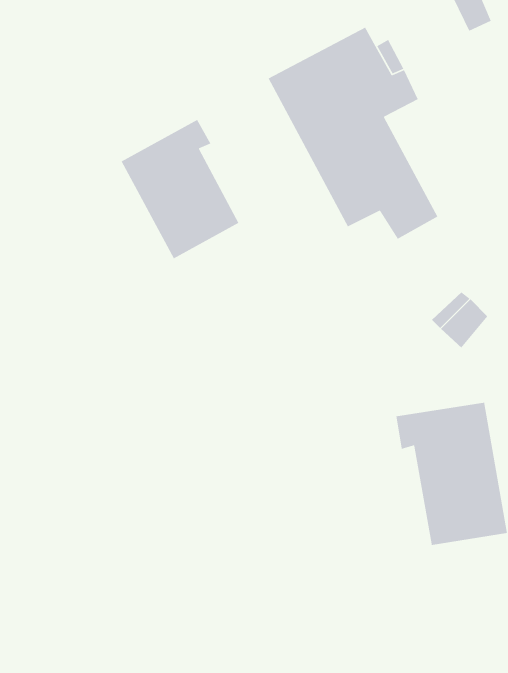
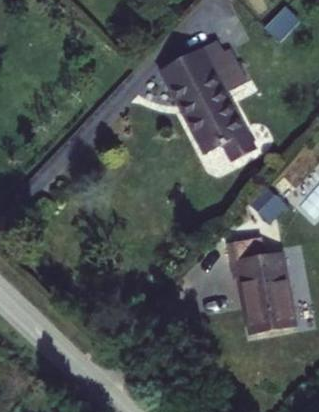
building: [121,119,240,260] -> none

